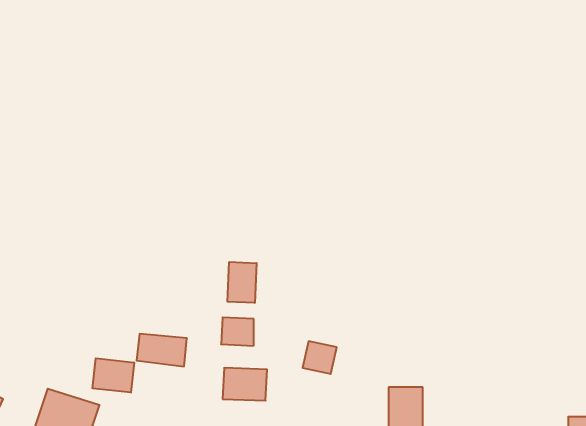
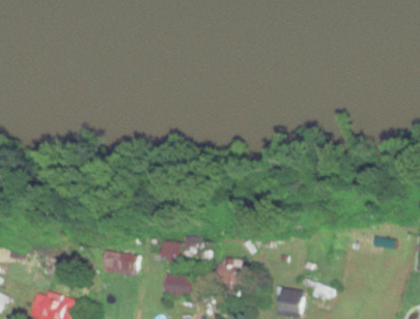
building: [227,262,257,303] -> none
building: [93,358,134,393] -> none

